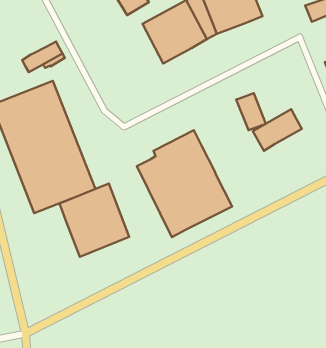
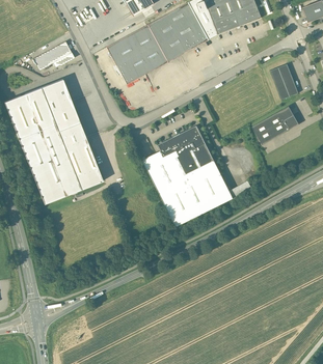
building: none -> [106,24,167,83]
building: [236,93,266,130] -> [270,63,298,99]
building: [60,184,129,257] -> none

